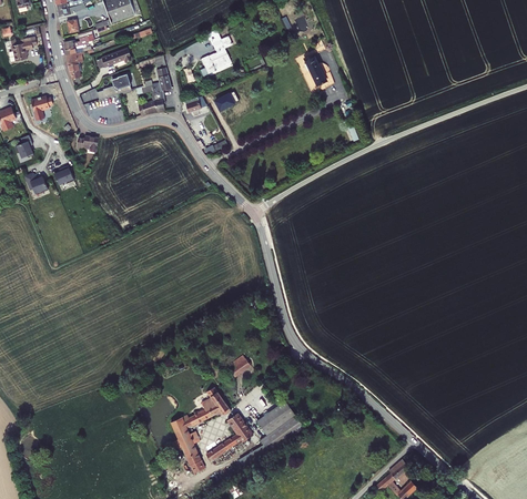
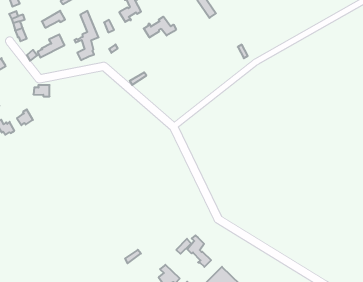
building: none -> [144,17,176,38]
building: none -> [187,235,211,267]

